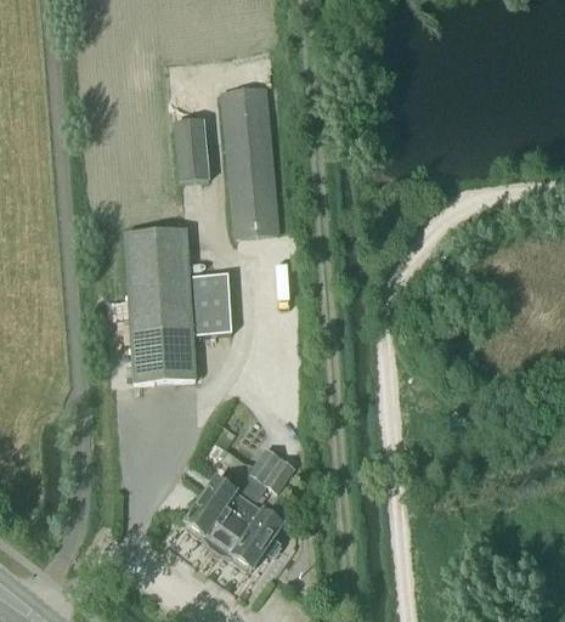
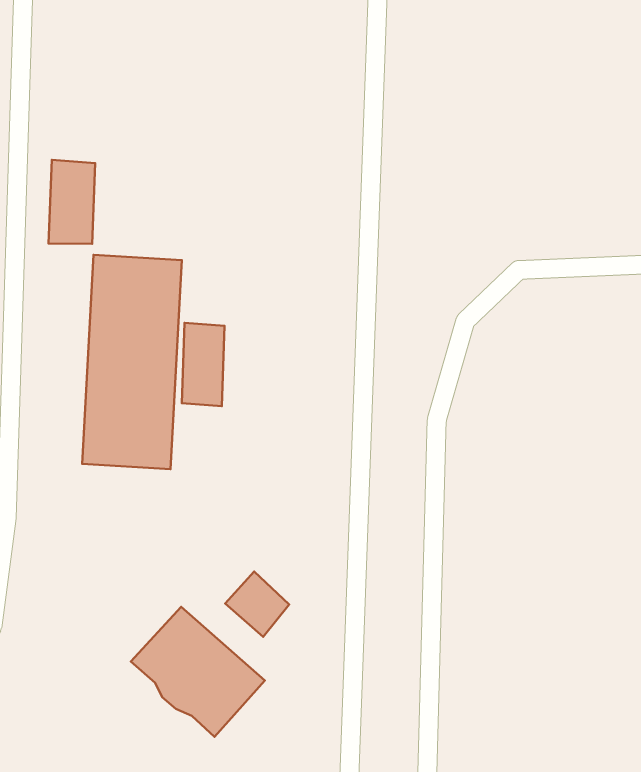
building: [220,85,281,237] -> none
building: [174,120,210,182] -> [49,160,95,244]

